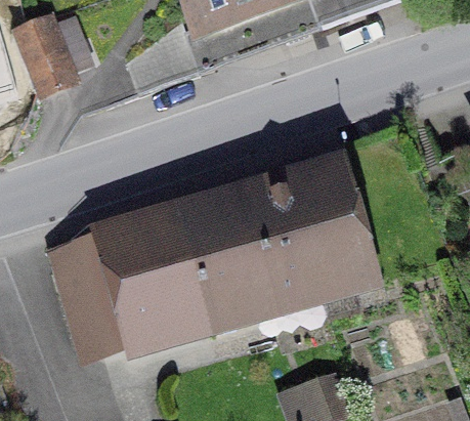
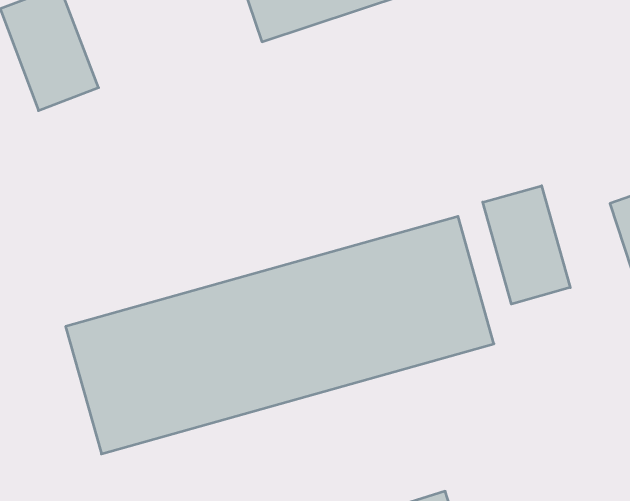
building: none -> [483,186,570,304]

